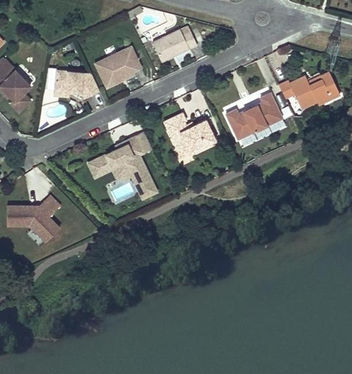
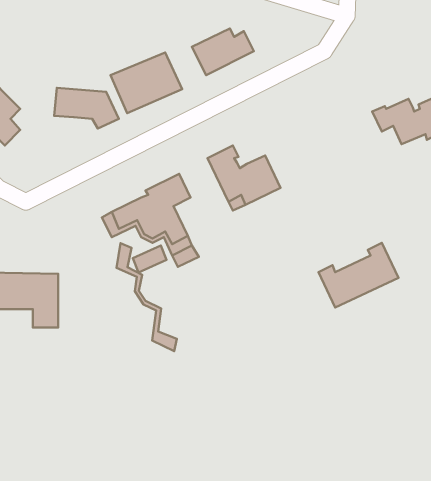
building: [225,92,282,138] -> [318,243,399,308]
building: none -> [117,243,177,351]

